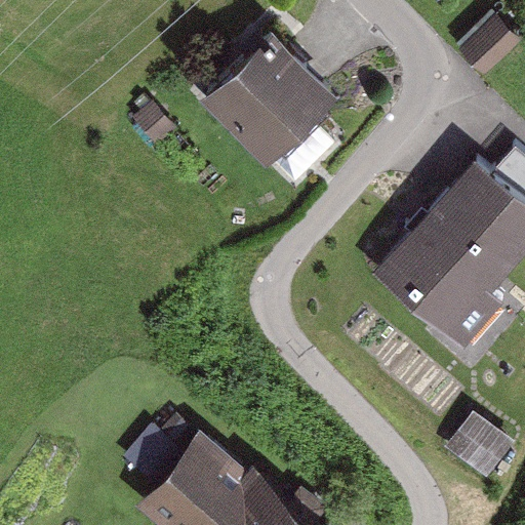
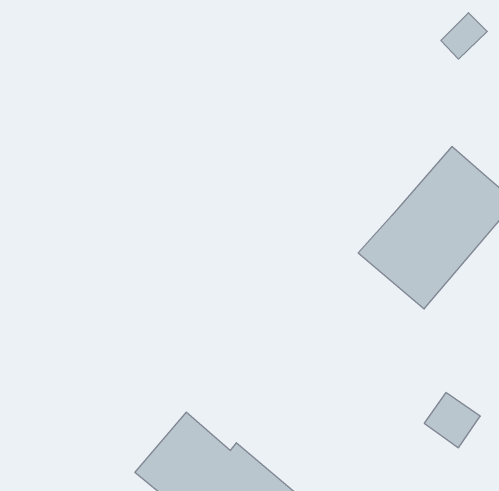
building: [211,29,342,160] -> none

